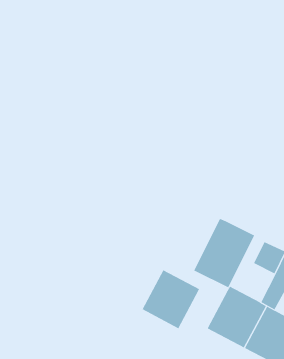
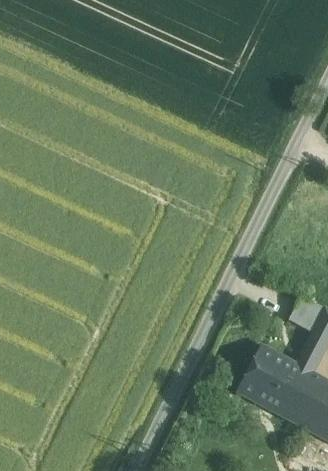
building: [193,218,255,288] -> none
building: [142,269,200,329] -> none

